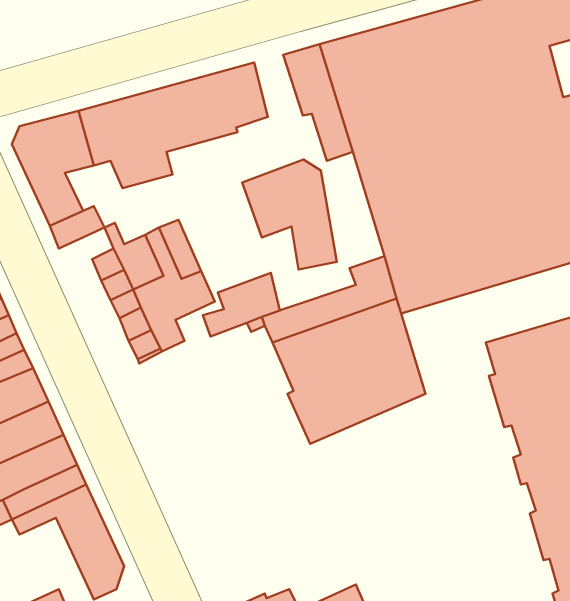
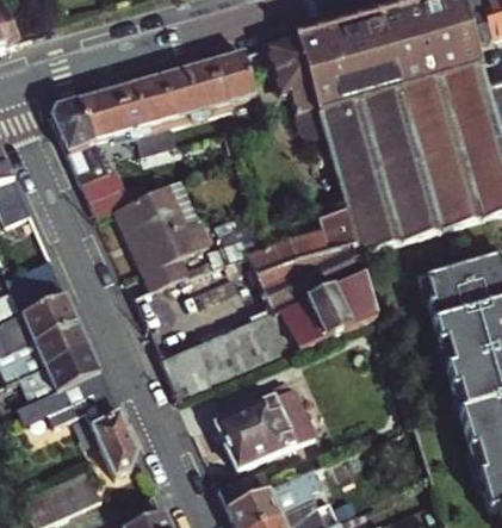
building: [242,160,337,269] -> none
building: none -> [160,315,285,400]
building: none -> [211,391,304,468]

